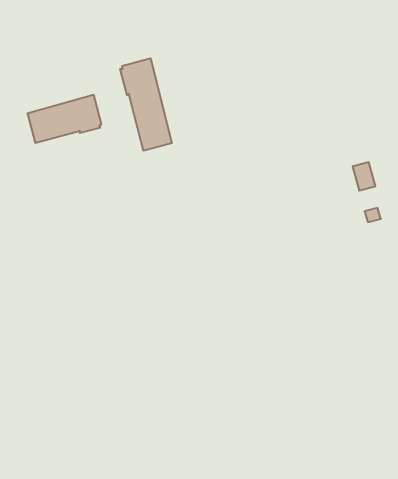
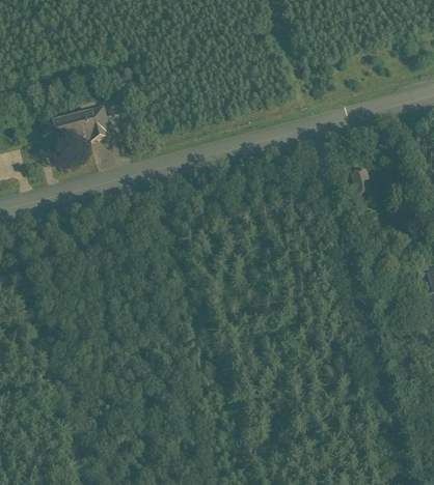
building: [120,58,172,151] -> none

